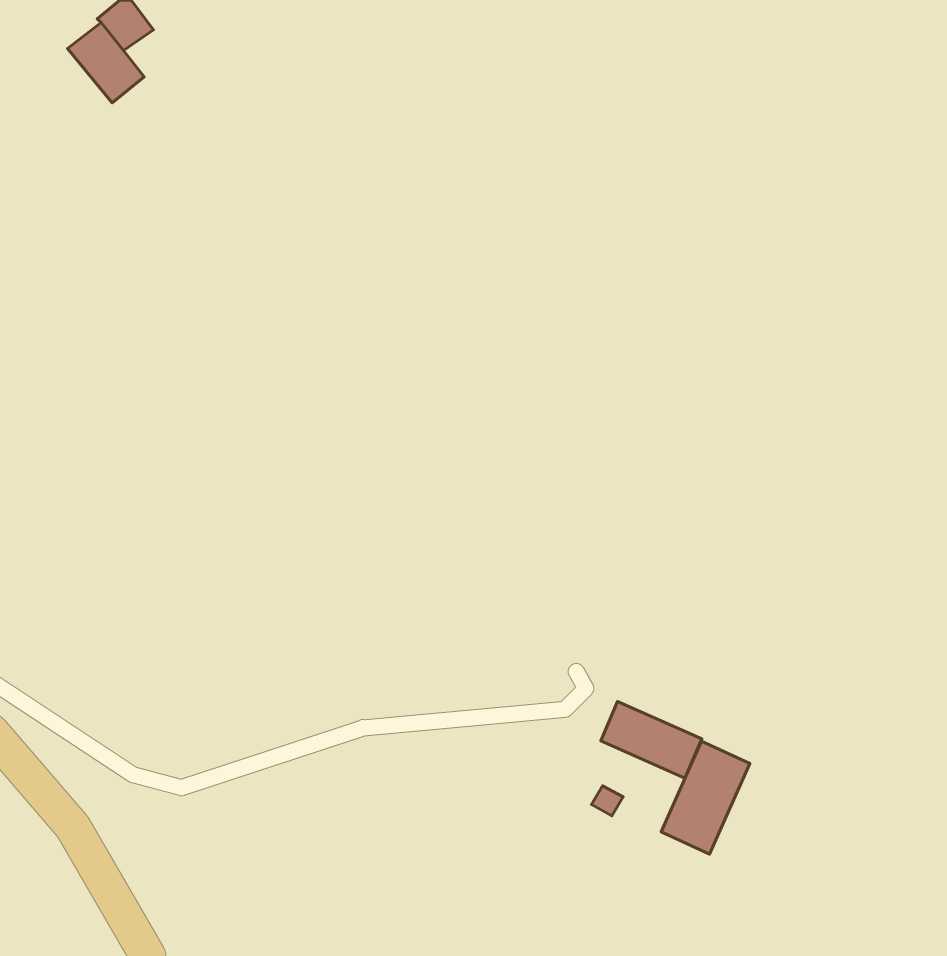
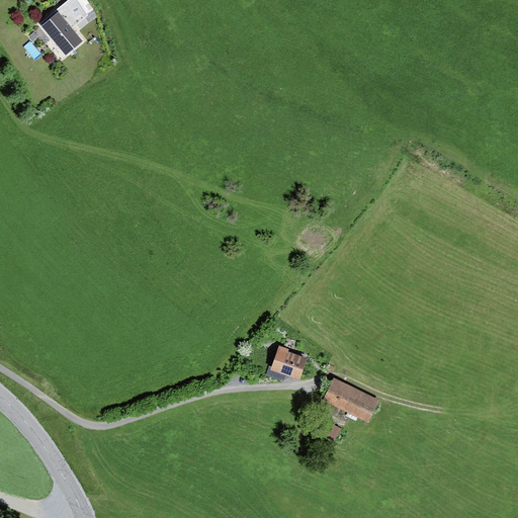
building: none -> [272,346,310,377]
building: [661,741,750,854] -> none

